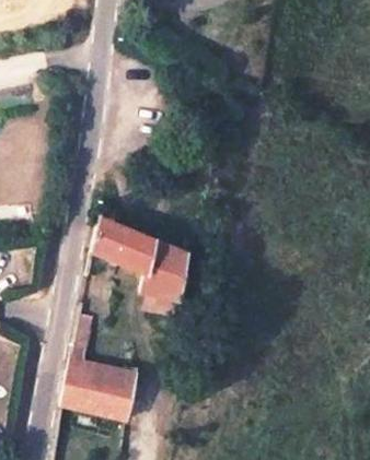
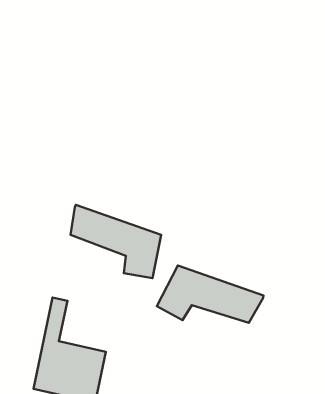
building: none -> [157,265,264,323]

